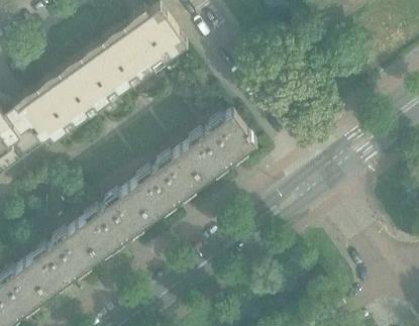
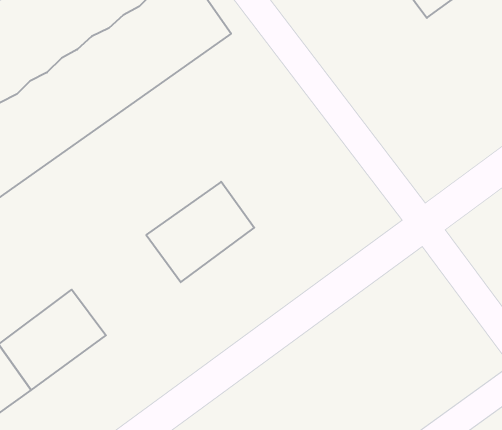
building: [180,110,256,181] -> none
building: [75,186,151,256] -> none

